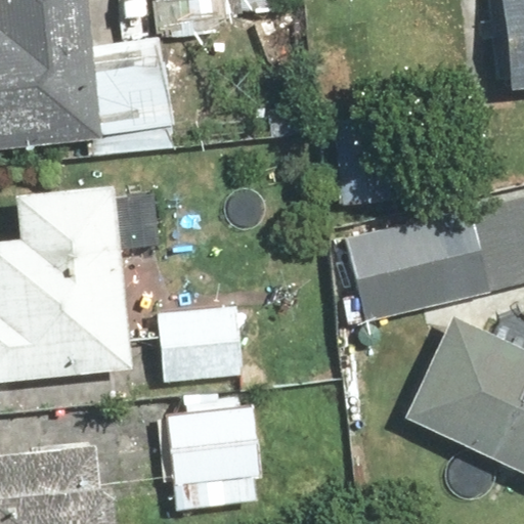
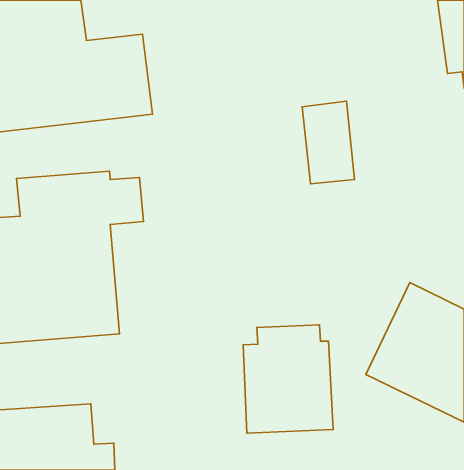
building: [340,203,492,324] -> none
building: [159,304,243,383] -> none
building: [165,392,265,513] -> [243,325,333,433]

